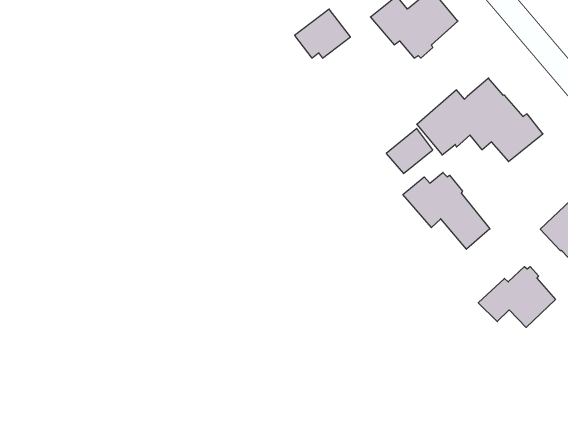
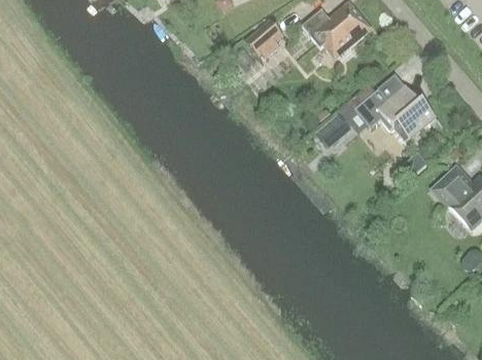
building: [403,172,490,249] -> none
building: [478,267,555,327] -> none

